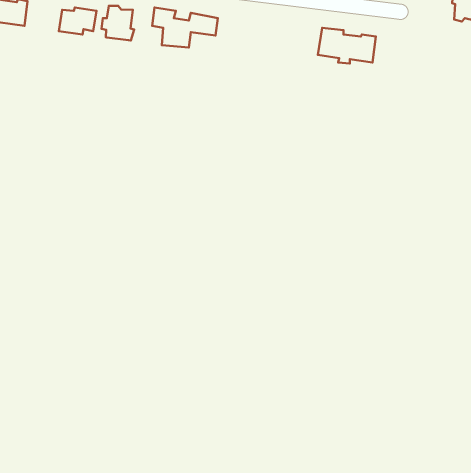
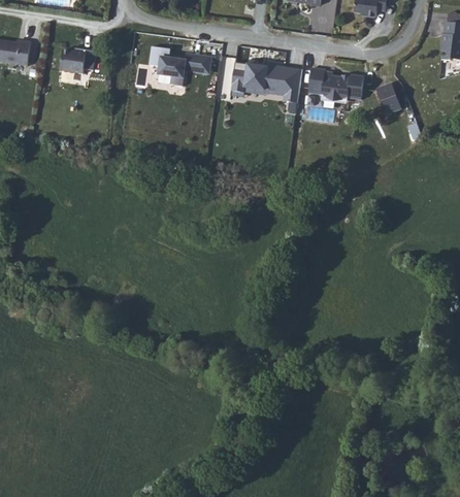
building: [101,6,134,41] -> none
building: none -> [231,61,303,104]
building: none -> [379,81,401,113]

